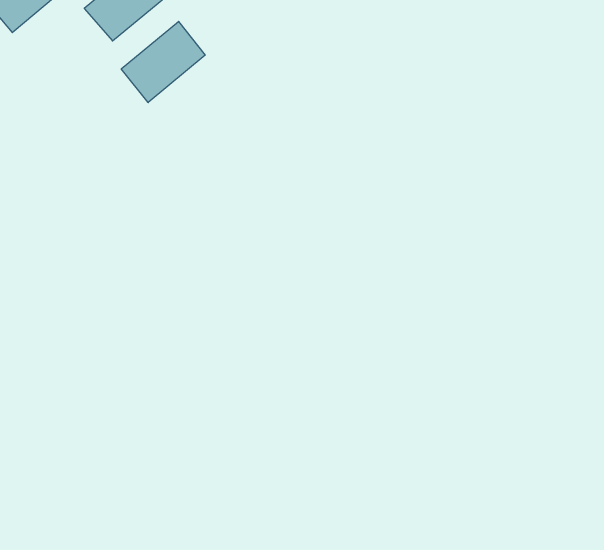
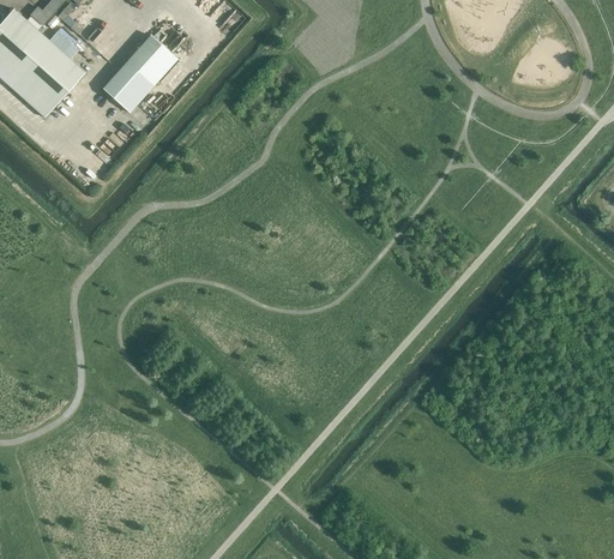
building: [121,21,205,103] -> none

